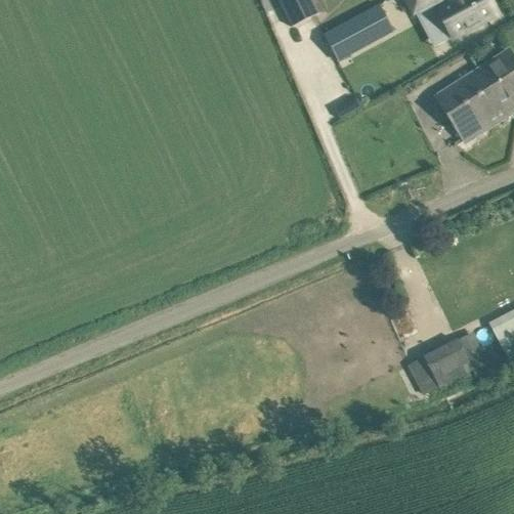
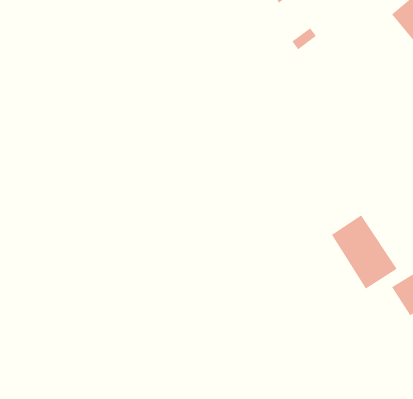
building: none -> [331,215,398,289]

